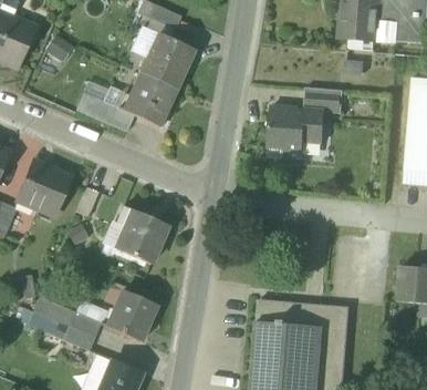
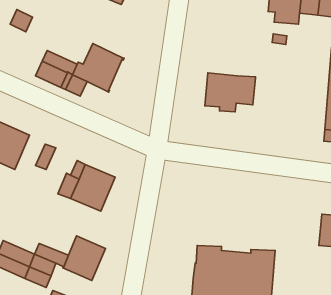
building: [142,39,192,90] -> none
building: [305,88,344,113] -> none

